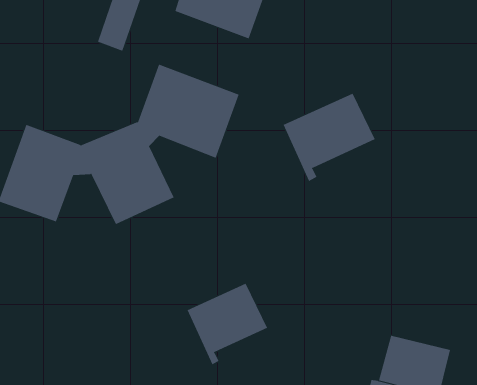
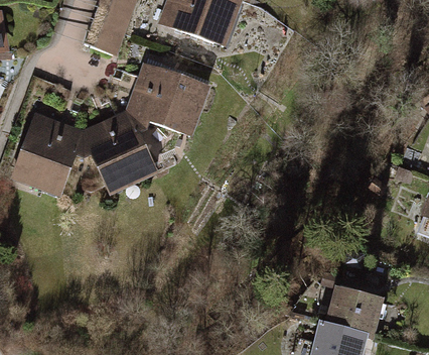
building: [283,93,376,182] -> none
building: [187,283,268,365] -> none

